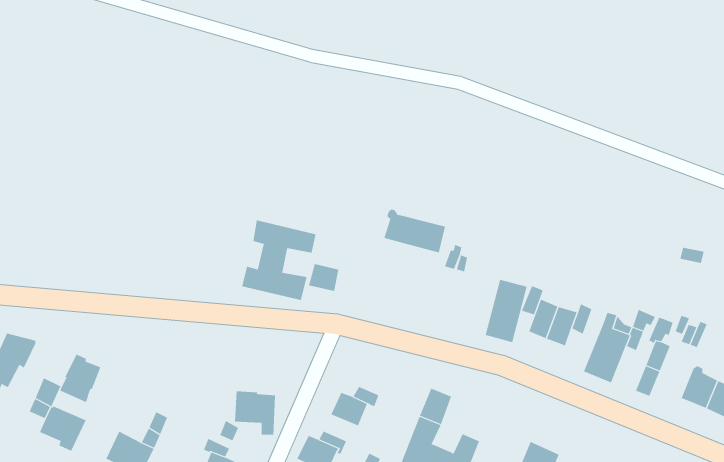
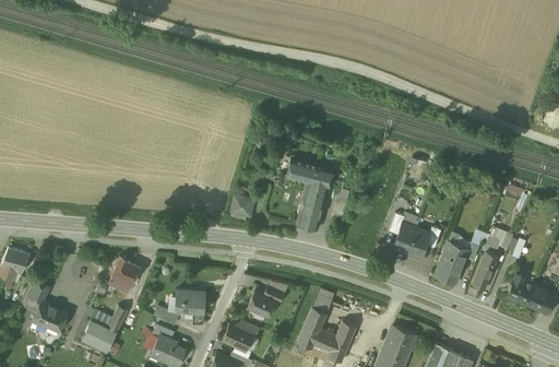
building: [242,219,316,301] -> none
building: [485,279,528,343] -> [296,183,328,230]
building: [60,354,101,403] -> [108,257,139,293]

